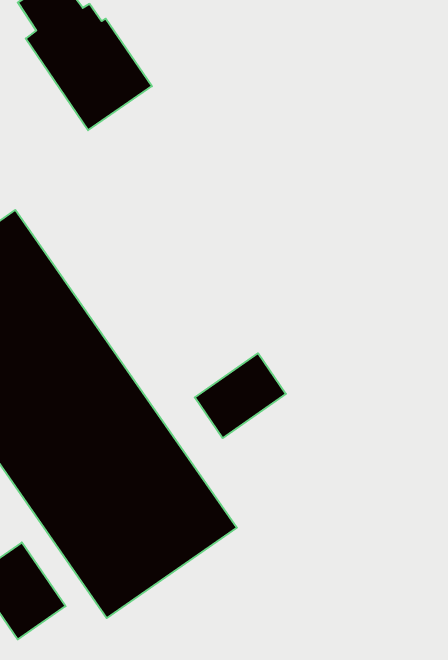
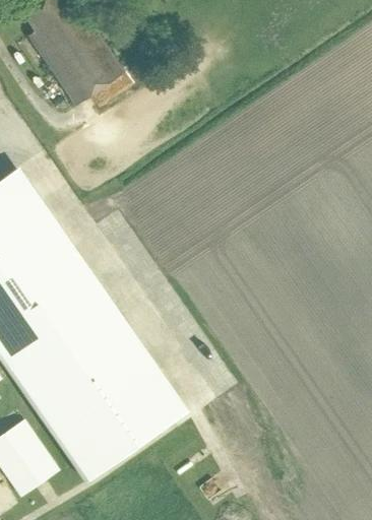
building: [195,353,286,438] -> none

